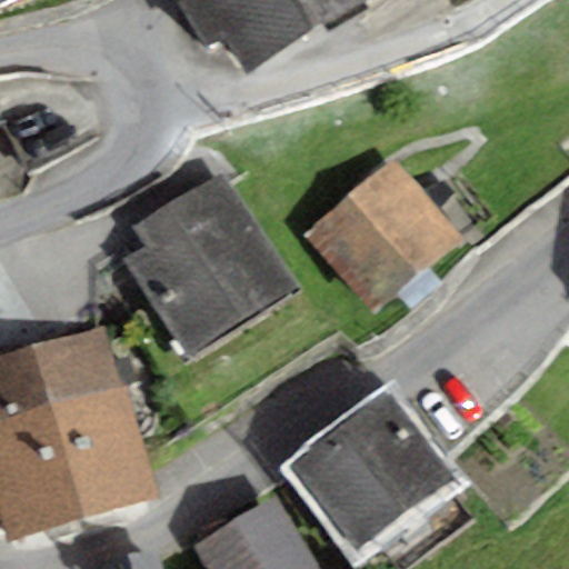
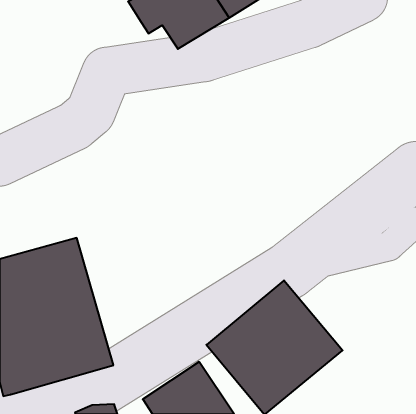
building: [306,159,459,311] -> none
building: [122,170,297,357] -> none

